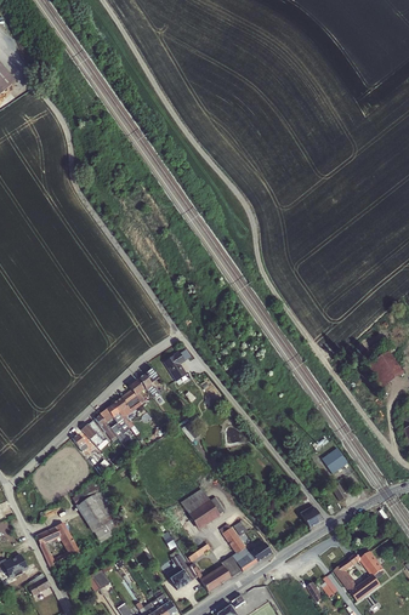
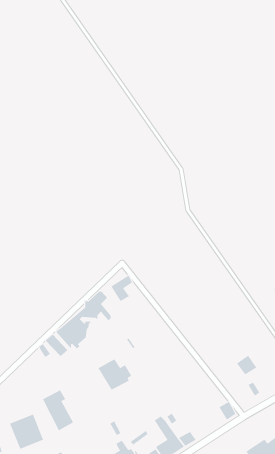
building: [181,489,225,529] -> [98,359,132,390]

